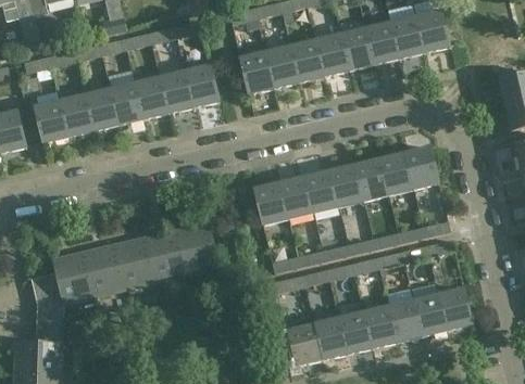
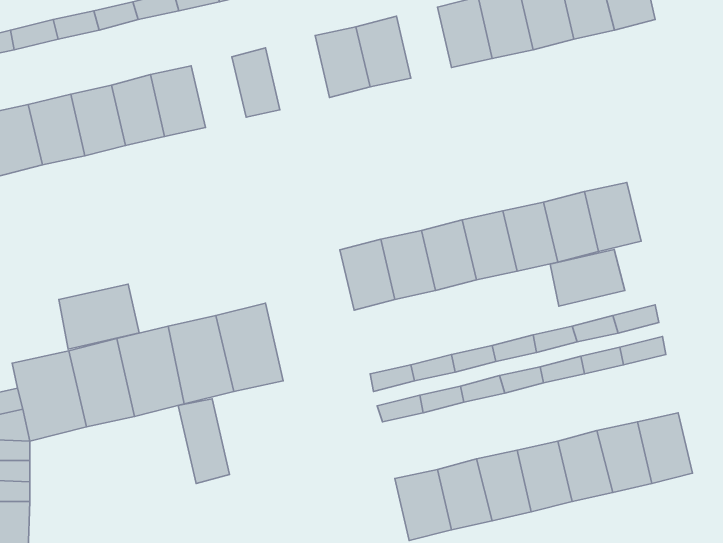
building: [288,39,322,82] -> none
building: [162,69,196,113] -> none
building: none -> [550,249,625,306]
building: none -> [59,284,139,349]
building: none -> [178,399,229,483]

